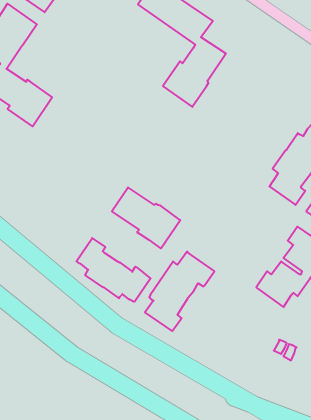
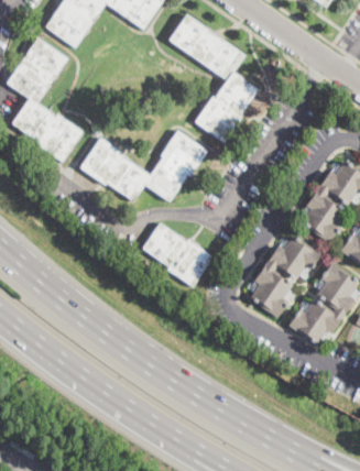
building: none -> [79,130,207,200]
building: [76,238,151,302] -> none
building: [145,252,214,331] -> [250,234,320,315]

